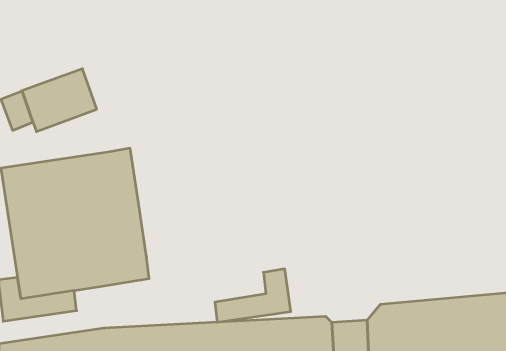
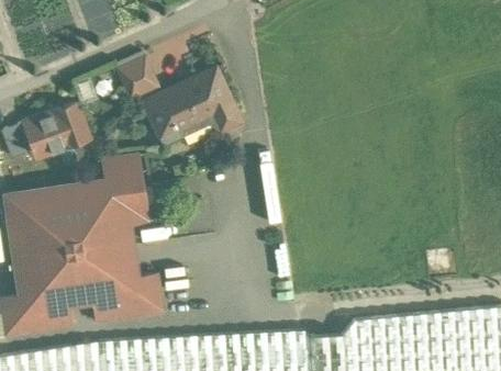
building: none -> [118,57,157,98]
building: none -> [142,66,242,145]
building: none -> [100,154,149,225]
building: [215,269,291,322] -> [92,272,163,322]

